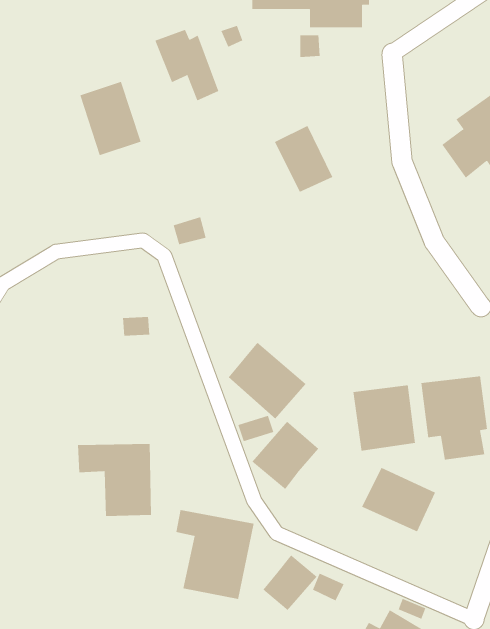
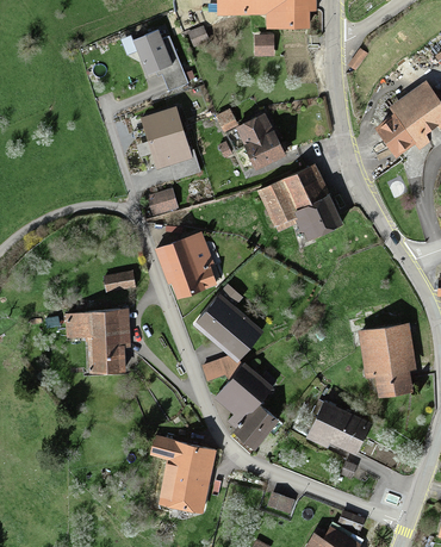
building: [79,81,141,156] -> [141,107,193,170]
building: none -> [256,166,341,242]
building: none -> [155,234,221,299]
building: [353,385,415,452] -> none
building: [77,443,152,517] -> [64,312,128,374]
building: [263,554,317,611] -> [231,405,278,453]

